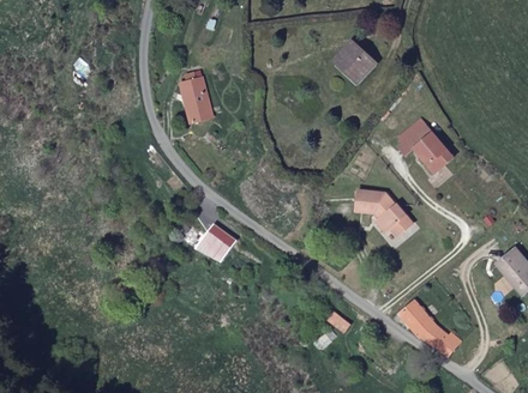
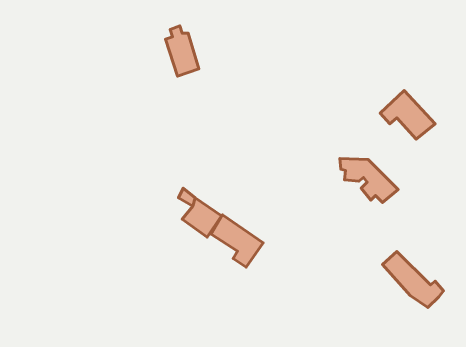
building: [338,49,374,83] -> none
building: none -> [211,215,263,267]

